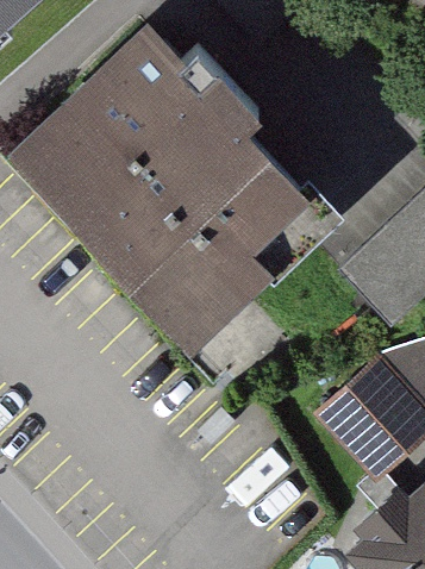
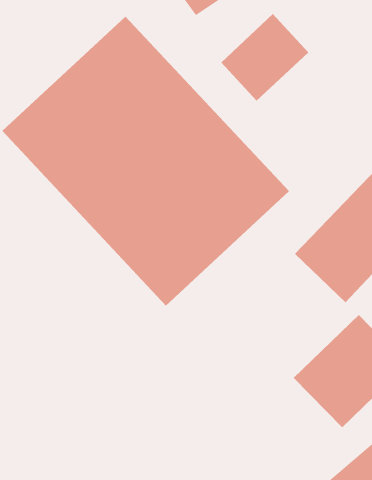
building: none -> [220,13,309,102]

